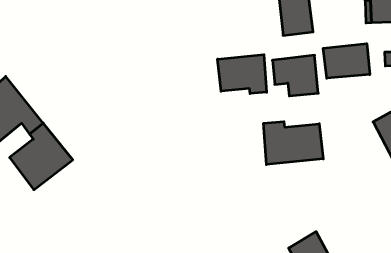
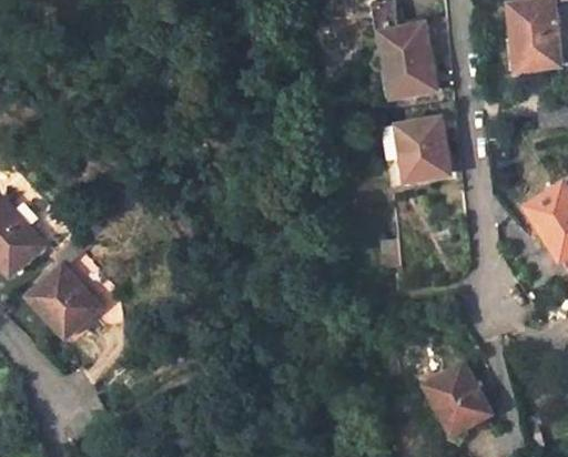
building: [323,44,370,78] -> none
building: [218,55,267,94] -> none
building: [264,122,323,165] -> none

